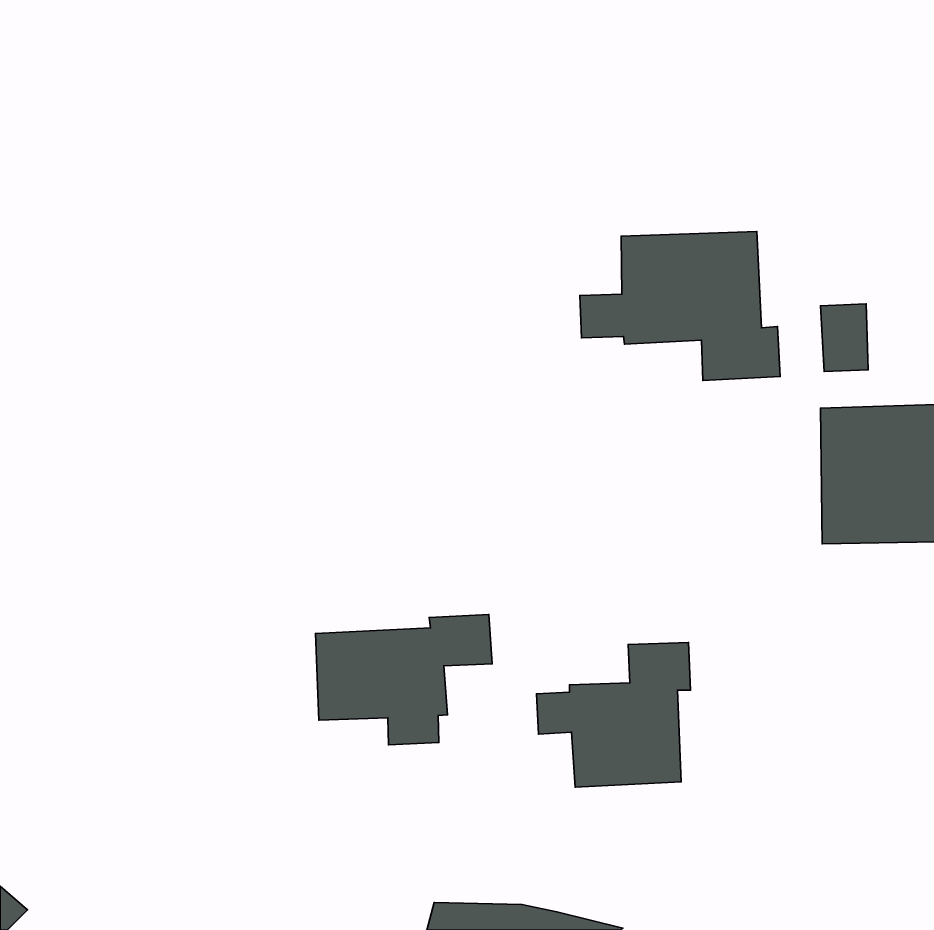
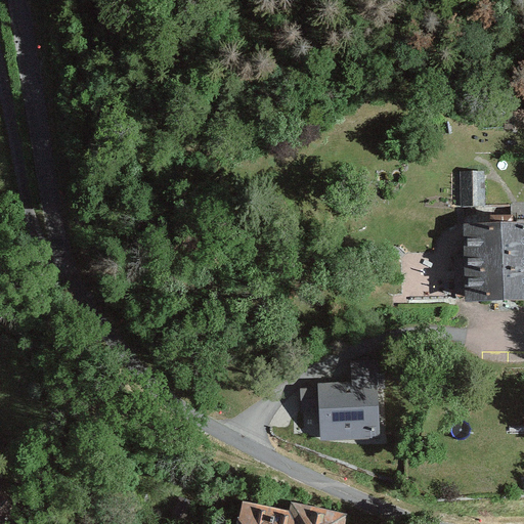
building: [580,231,780,381] -> none
building: [316,615,492,745] -> none

